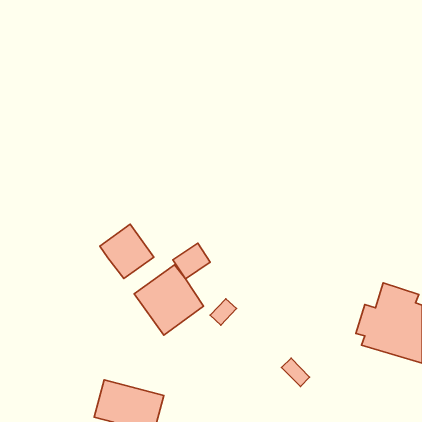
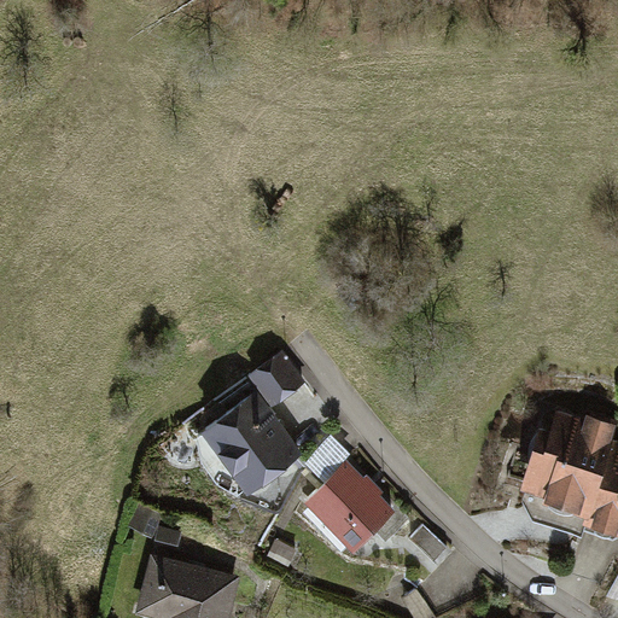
building: [100,224,154,279] -> none
building: none -> [308,464,389,546]

